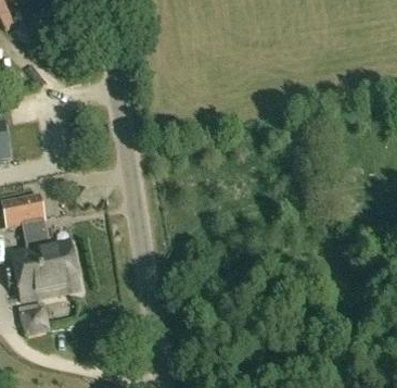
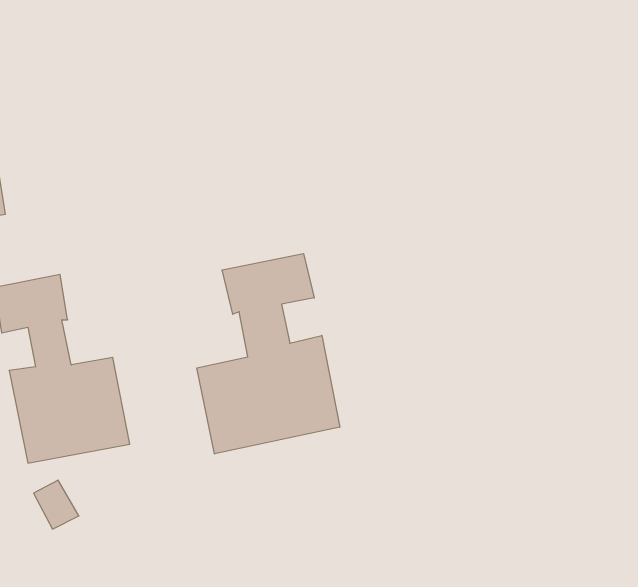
building: none -> [197,254,340,454]

